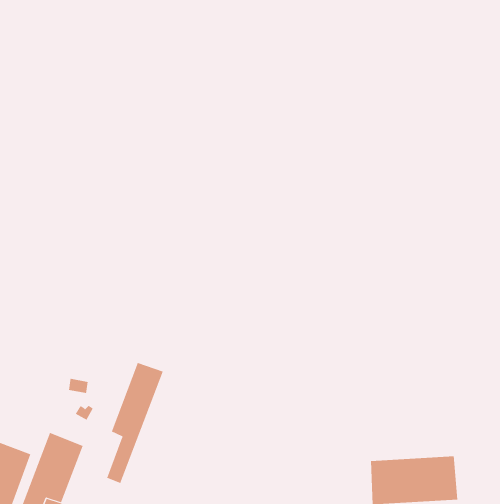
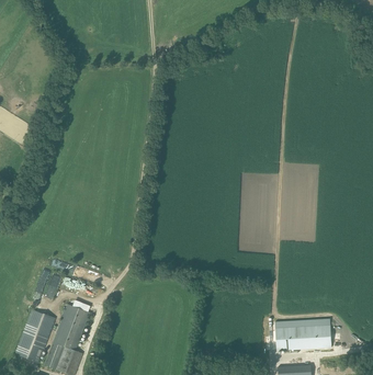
building: [107,362,163,484] -> none

